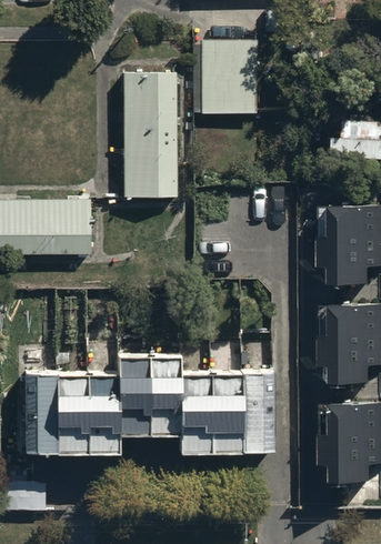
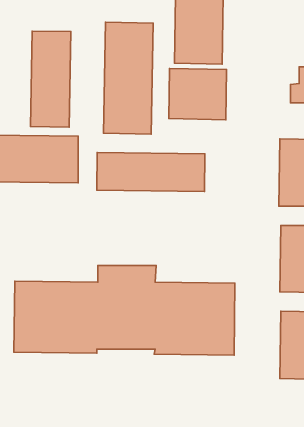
building: none -> [30,31,71,127]
building: none -> [169,69,227,120]
building: none -> [97,152,205,192]

